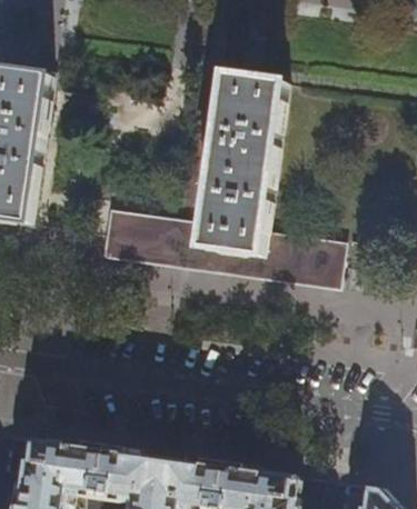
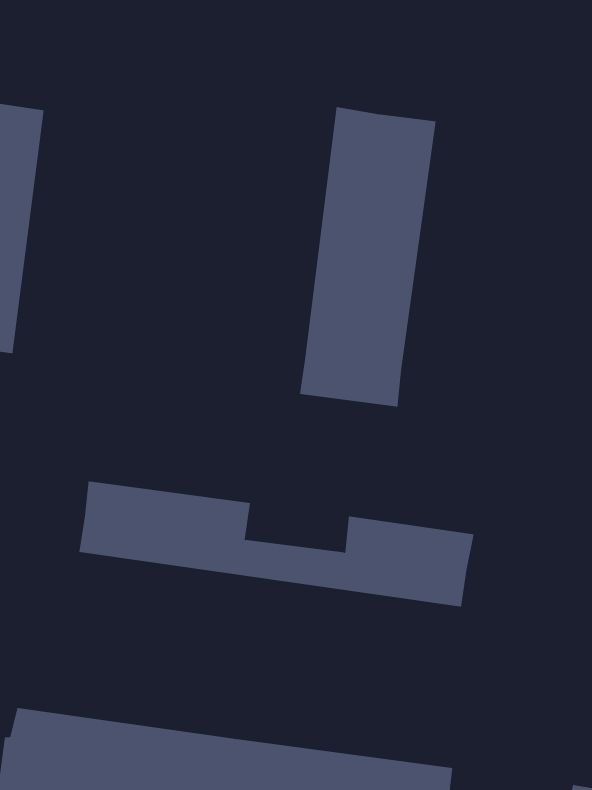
building: [97,211,337,288] -> [79,481,475,607]

